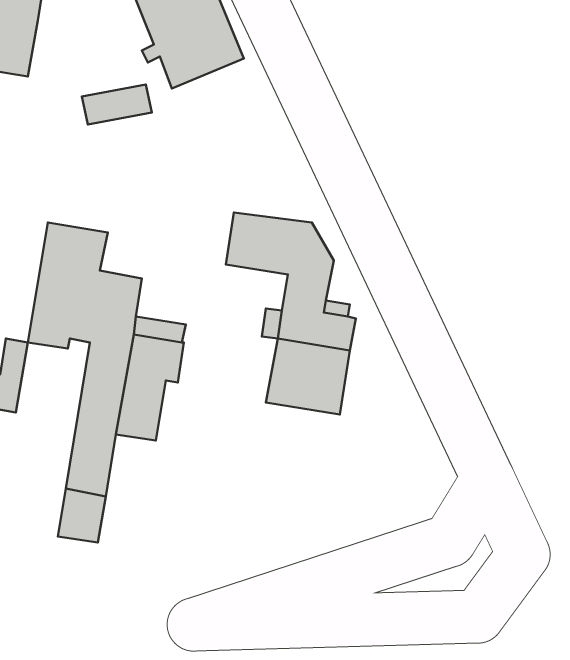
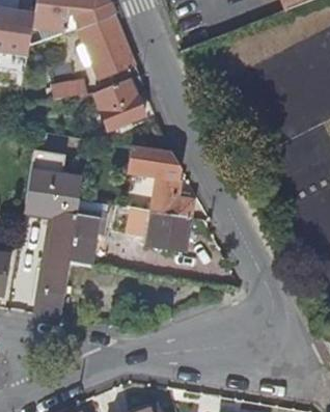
building: none -> [94,75,145,129]

